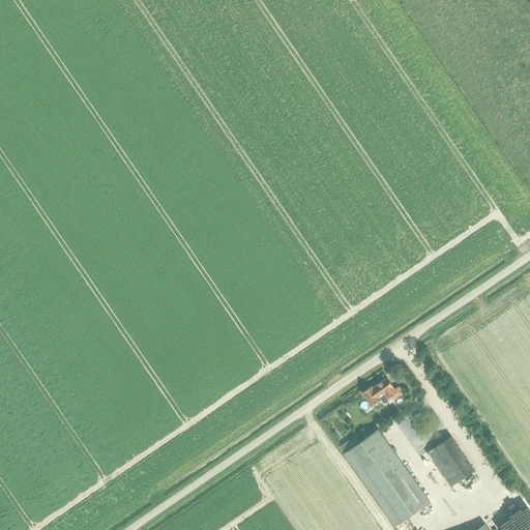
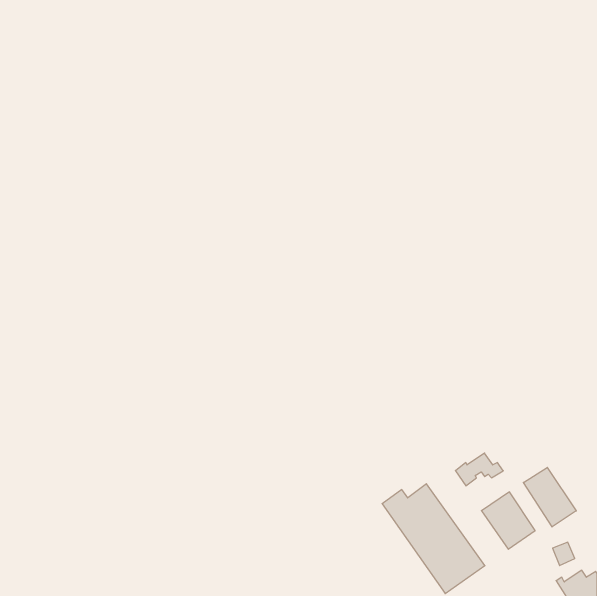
building: [361,379,404,408] -> [455,453,503,486]
building: none -> [523,467,576,527]

